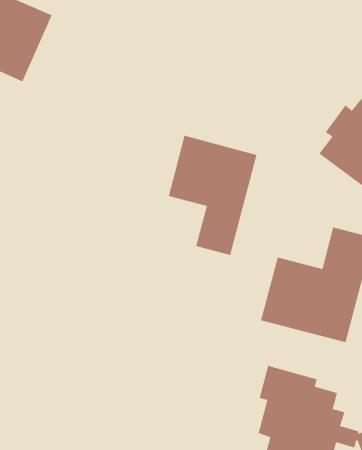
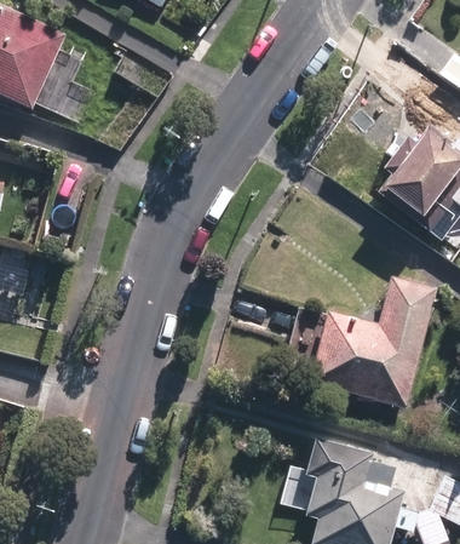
building: [168,135,257,256] -> none

